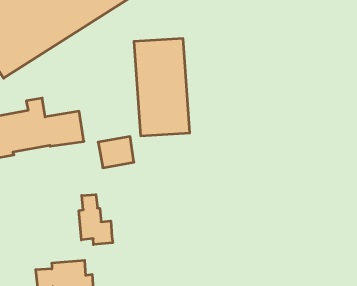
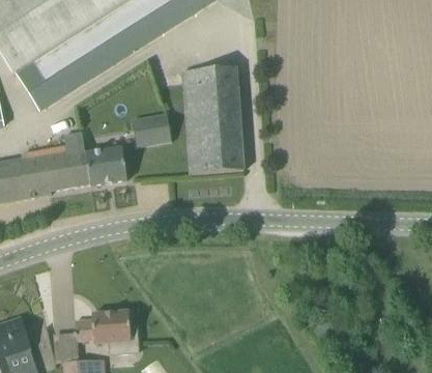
building: [98,137,134,168] -> [132,112,171,146]
building: [79,195,113,245] -> none

